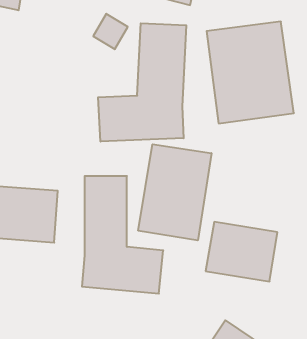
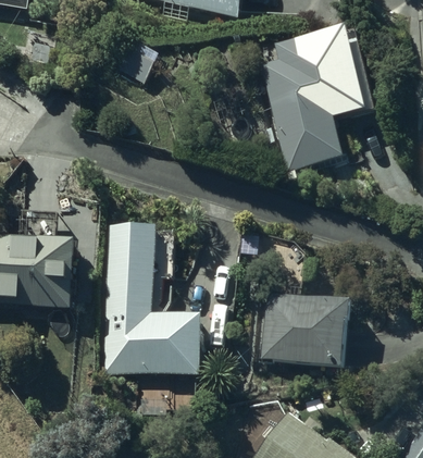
building: [98,23,186,142] -> none
building: [138,144,211,240] -> none

